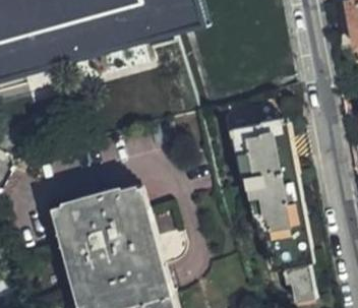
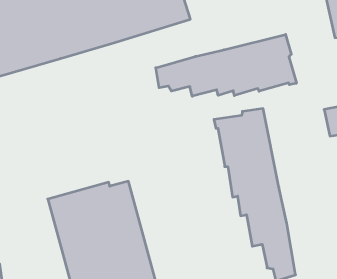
building: none -> [156,34,296,96]

